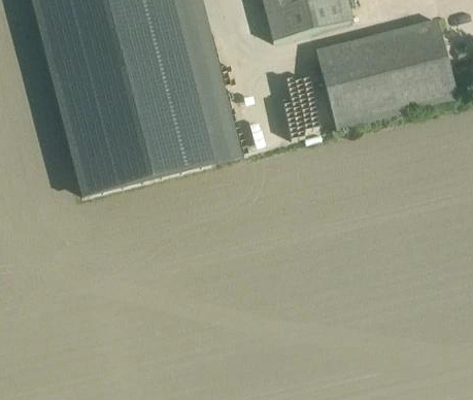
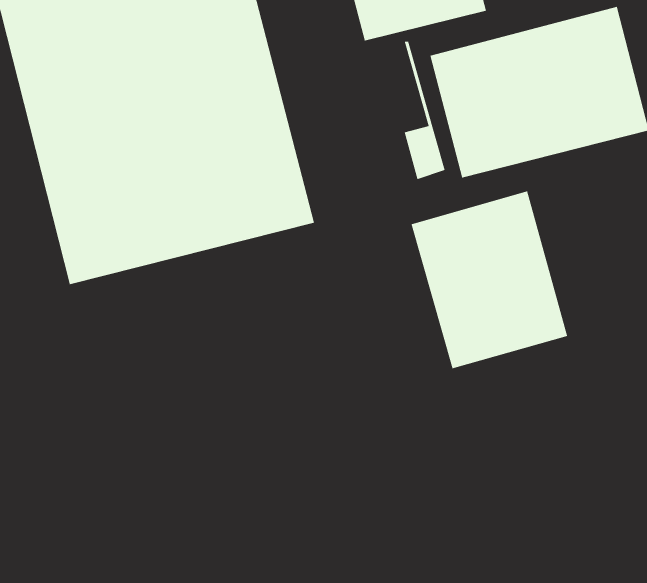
building: none -> [411,191,568,369]

